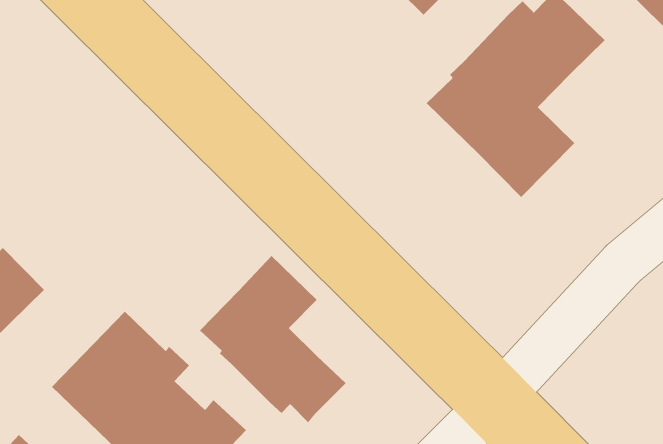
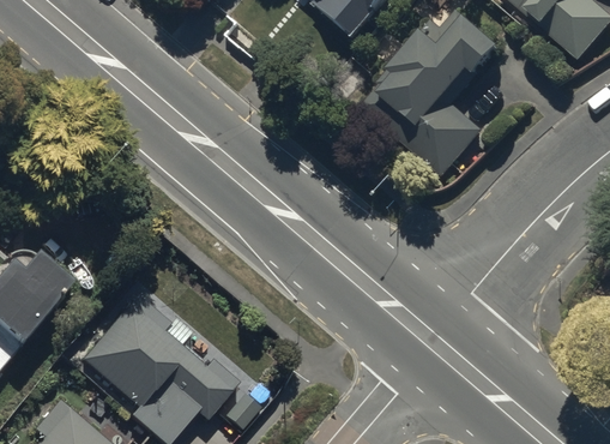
building: [199,255,346,423] -> none

